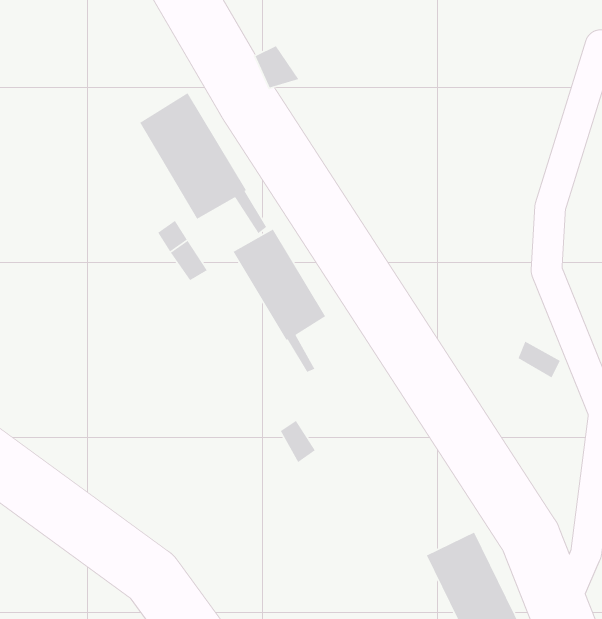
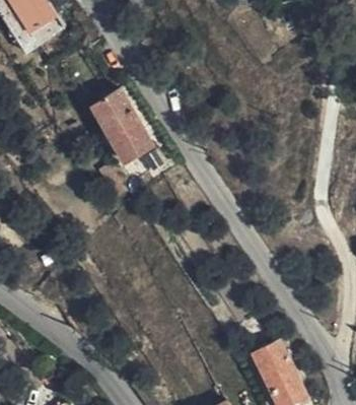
building: [233,229,326,373] -> none

